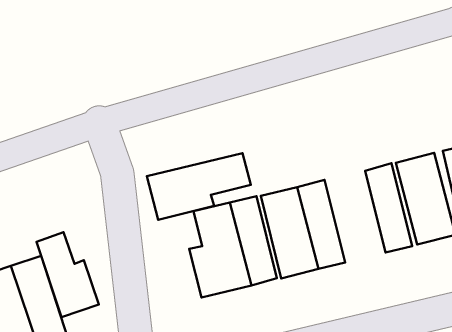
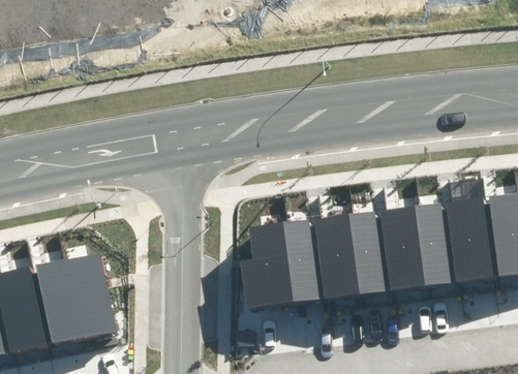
building: [147,153,251,220] -> none
building: none -> [379,207,425,291]
building: [37,232,99,317] -> none

